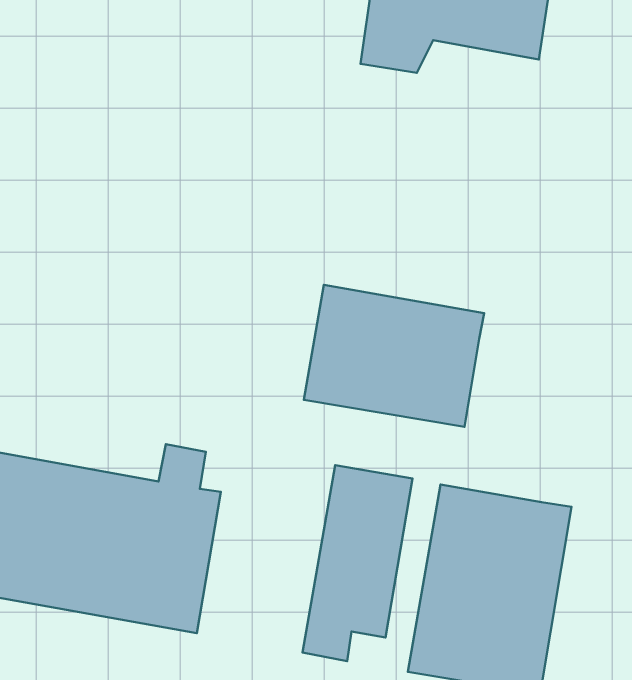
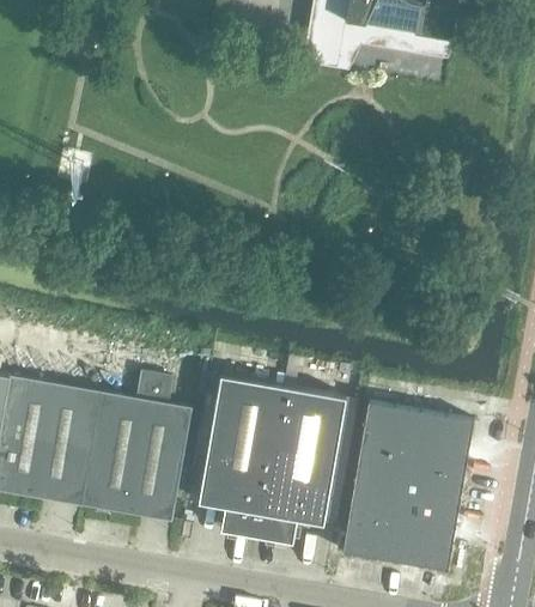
building: [304,285,484,427] -> none
building: none -> [197,376,282,538]

